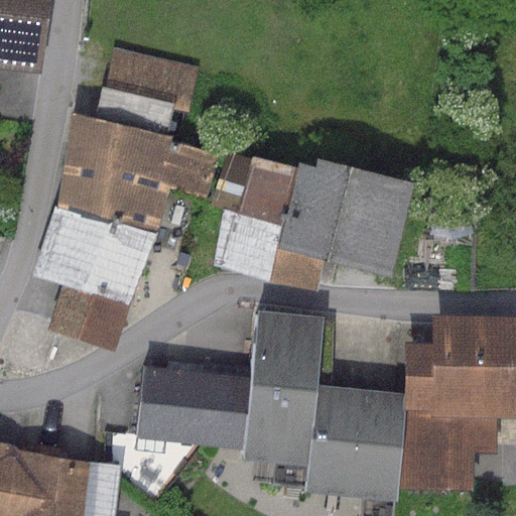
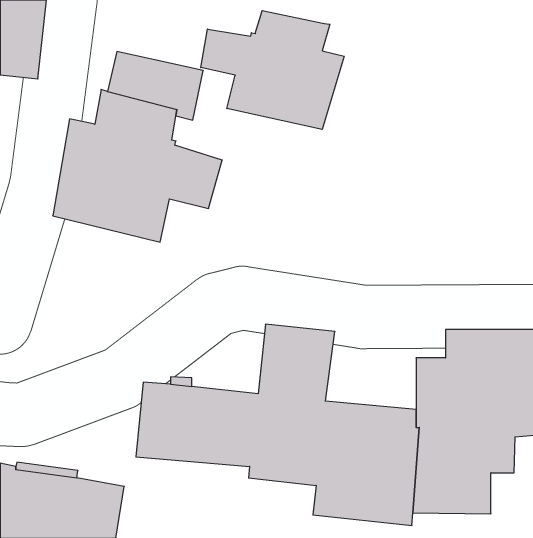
building: none -> [201,11,344,129]
building: [216,151,415,290] -> none
building: [30,207,158,352] -> none

